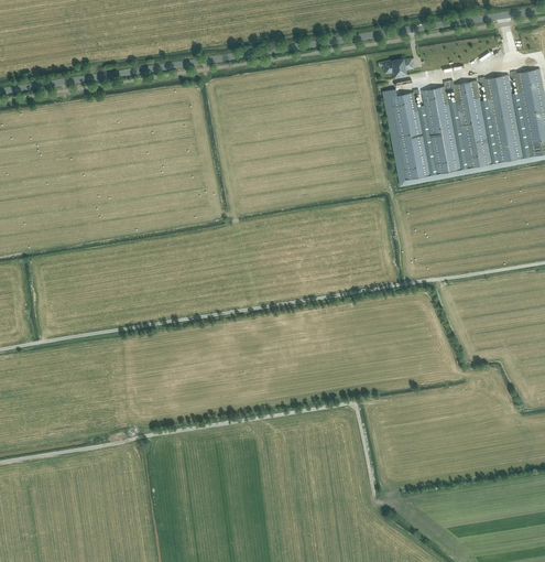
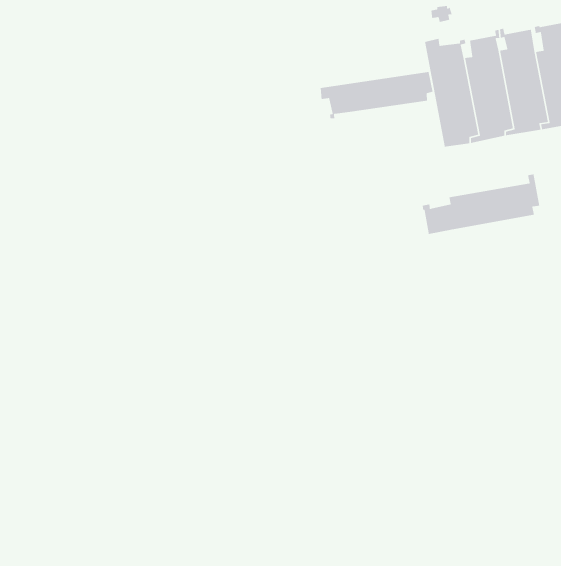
building: none -> [320,71,434,119]
building: none -> [422,174,540,235]

